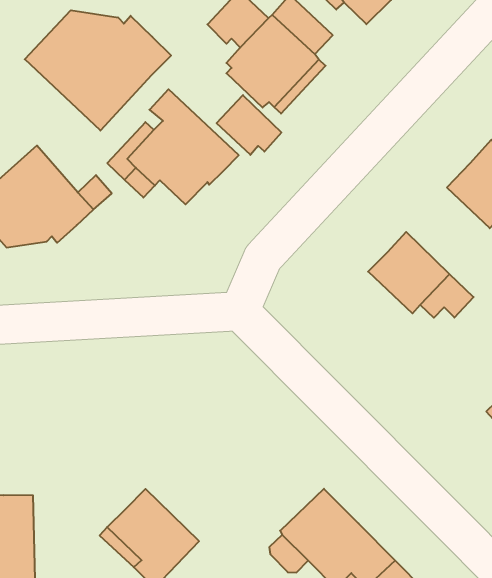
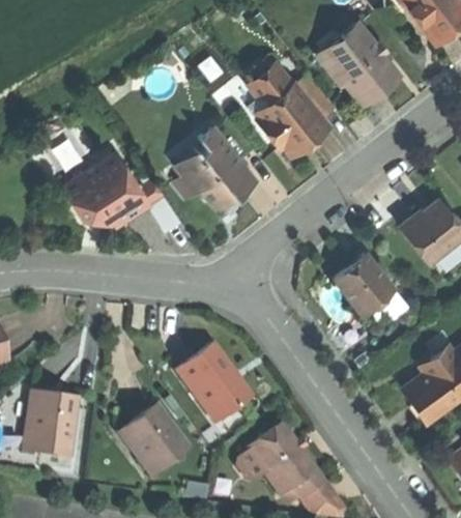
building: [25,10,171,131] -> none
building: [217,95,281,155] -> none
building: none -> [176,343,250,421]

